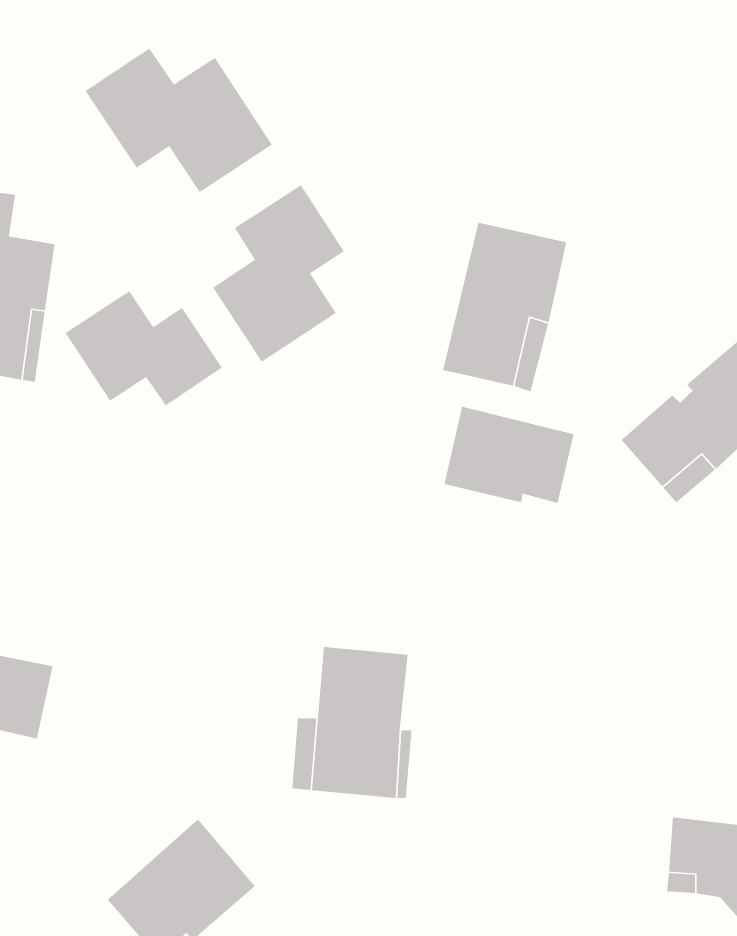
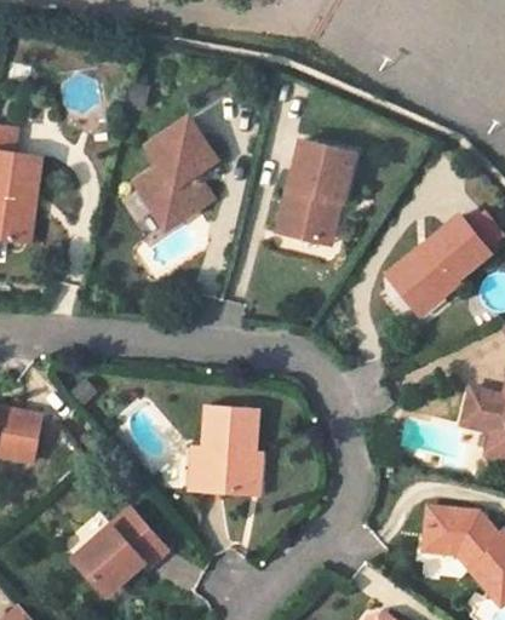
building: [84,47,273,193] -> none
building: [64,290,223,406] -> none
building: [444,406,574,504] -> none

